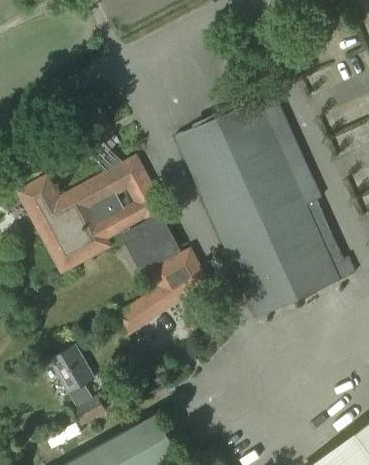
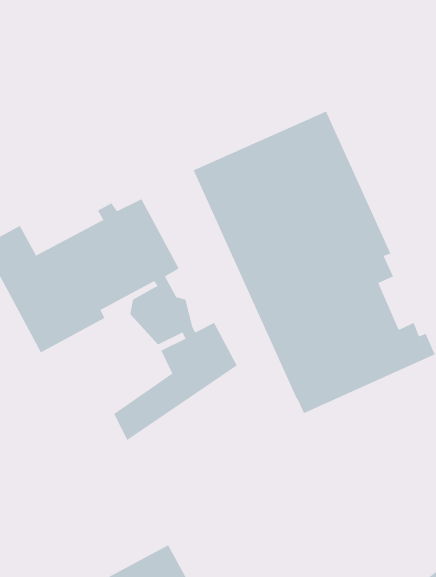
building: [50,344,107,425] -> none

